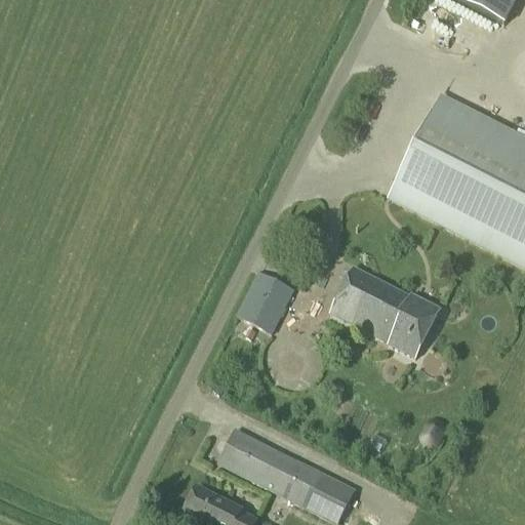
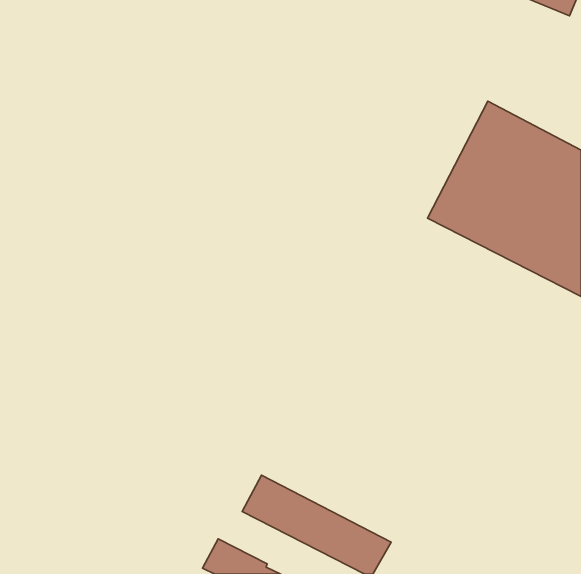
building: [330,266,440,357] -> none
building: [236,273,292,331] -> none

